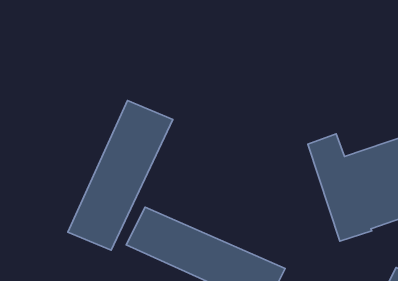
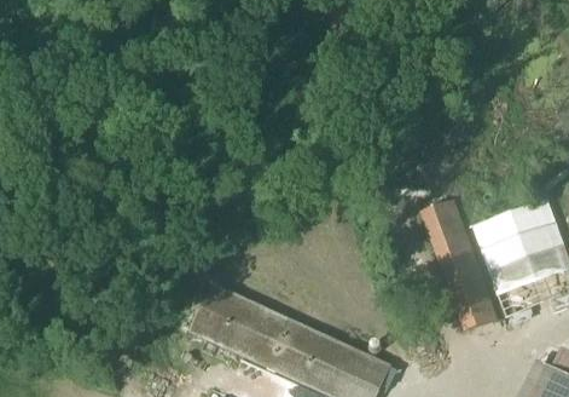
building: [68,101,173,250] -> none

